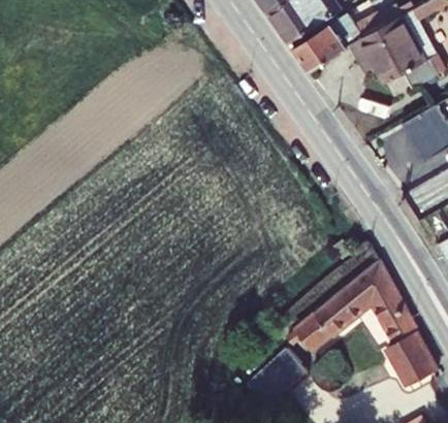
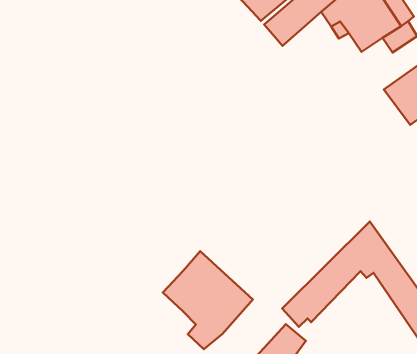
building: none -> [163,251,253,349]

